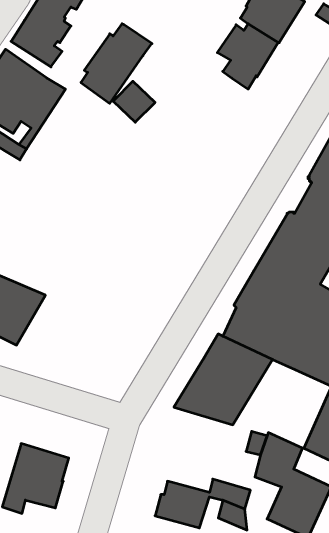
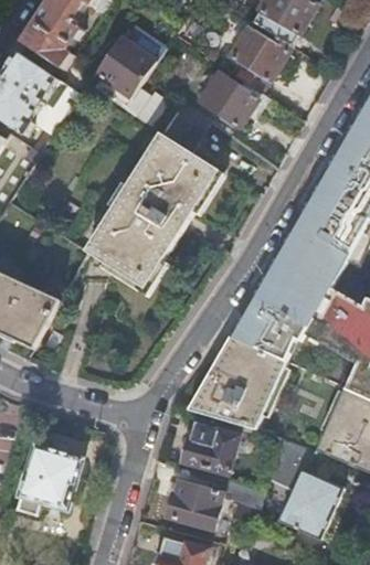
building: none -> [199,73,262,127]
building: none -> [85,102,210,280]
building: none -> [183,424,239,472]

